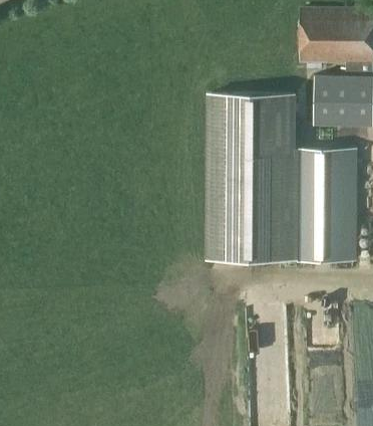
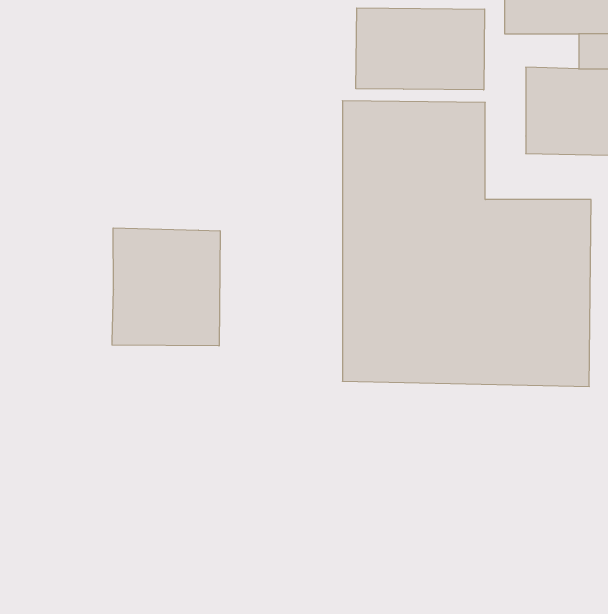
building: none -> [356,8,485,90]
building: none -> [112,228,220,346]

